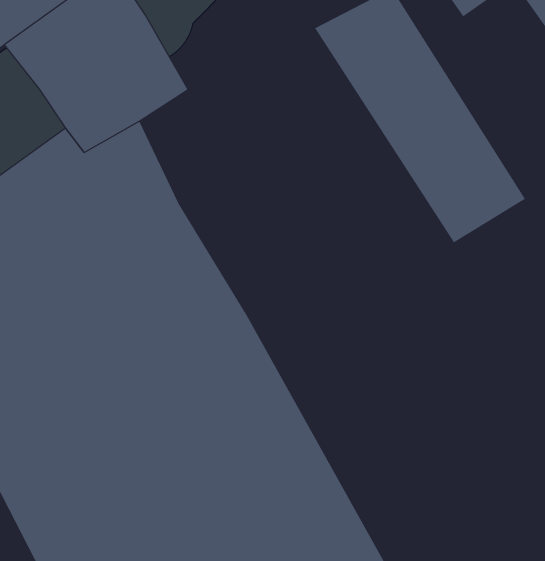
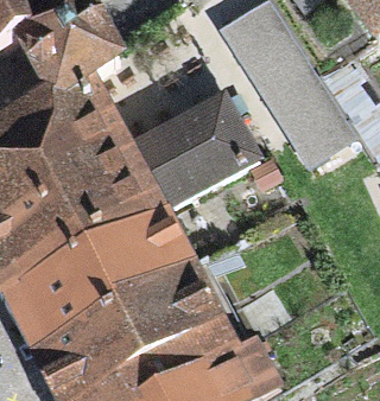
building: none -> [129,84,259,206]

